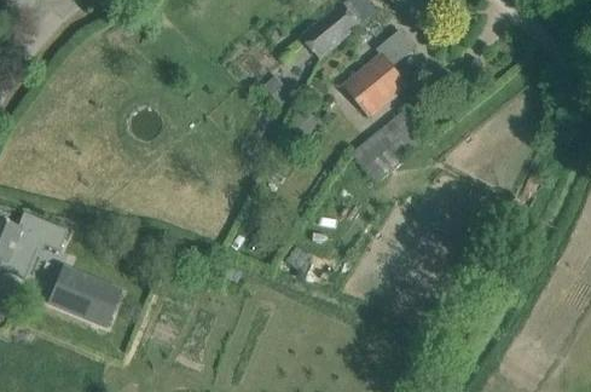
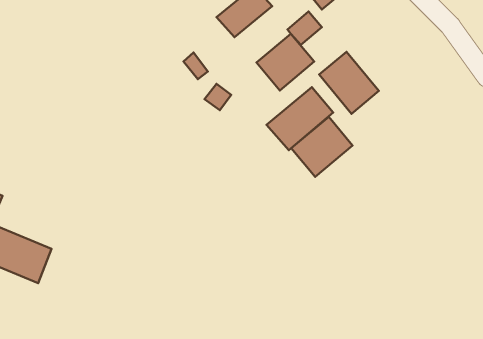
building: none -> [319,52,379,114]
building: none -> [291,117,353,177]

